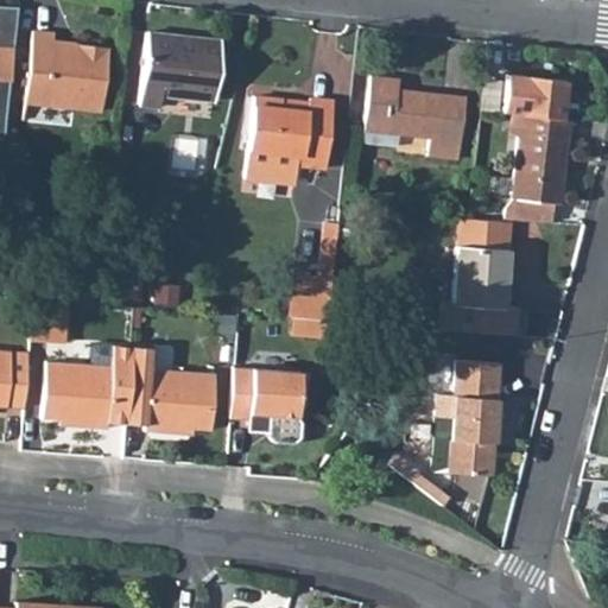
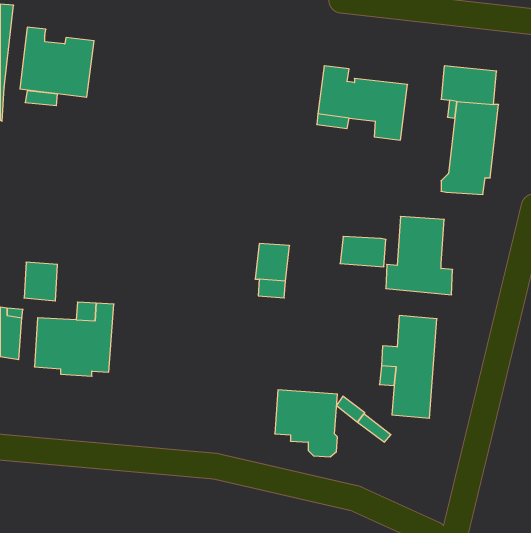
building: [140,32,222,107] -> none
building: [246,96,335,184] -> none
building: [458,216,511,251] -> [340,236,386,267]
building: [127,347,216,433] -> none
building: [232,368,303,444] -> [275,390,337,457]

